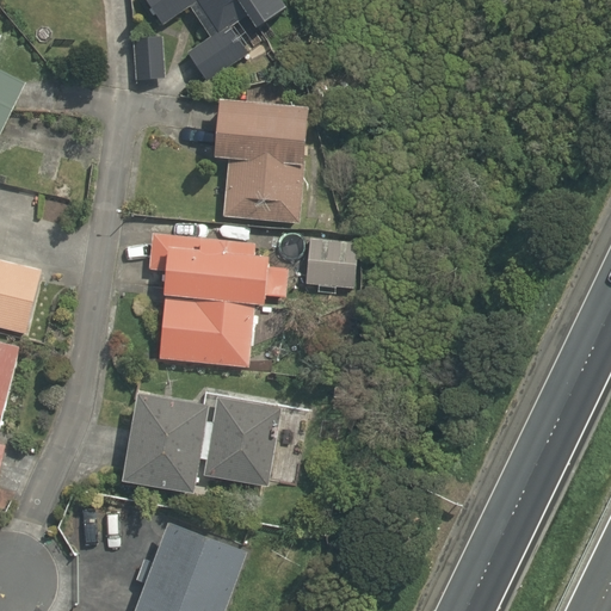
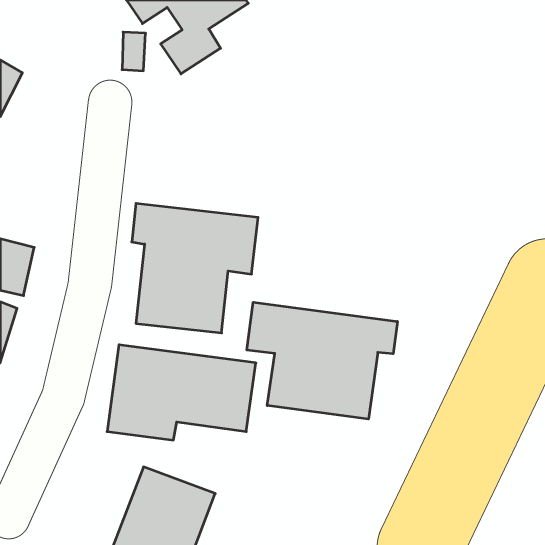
building: [211,99,306,221] -> none
building: [307,237,359,286] -> none
building: none -> [247,302,397,419]

